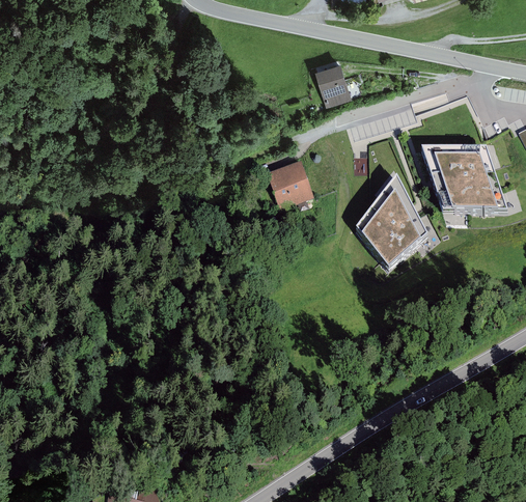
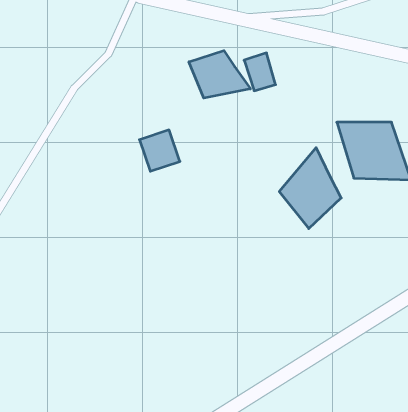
building: none -> [189,51,250,98]
building: [267,161,313,208] -> [139,130,180,171]

